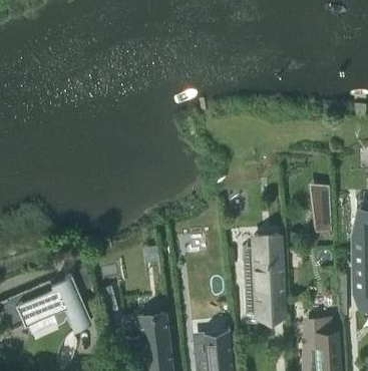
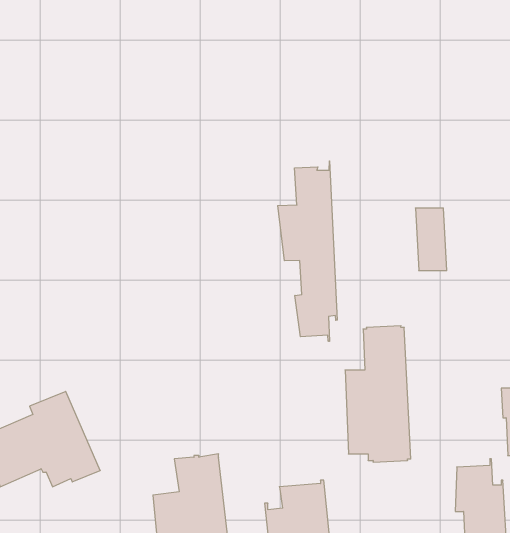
building: none -> [278,161,337,341]
building: [312,195,331,233] -> [415,208,447,271]

